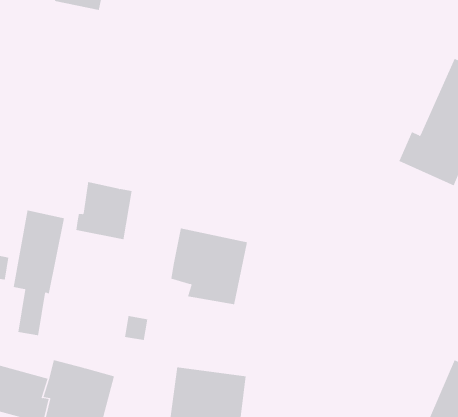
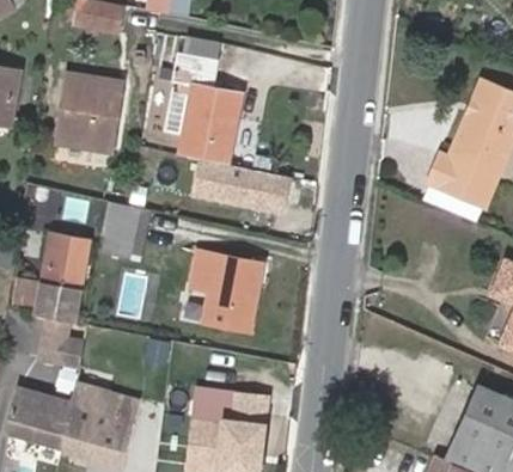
building: none -> [166,36,239,158]
building: none -> [54,72,120,145]
building: none -> [194,159,292,214]

